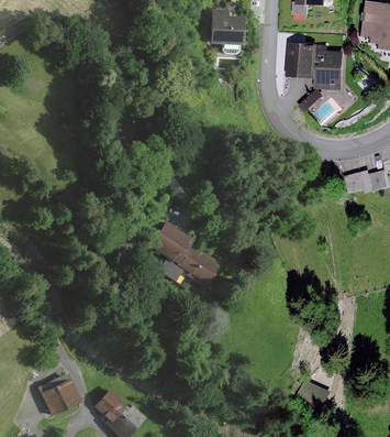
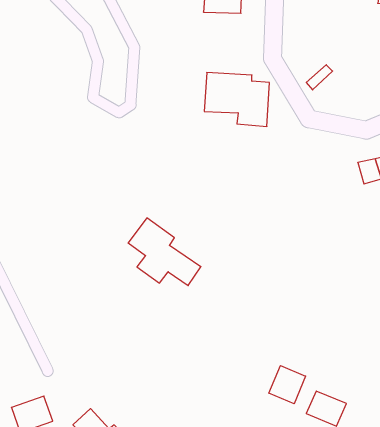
building: [286,42,343,89] -> [204,73,269,126]
building: none -> [269,366,306,404]

